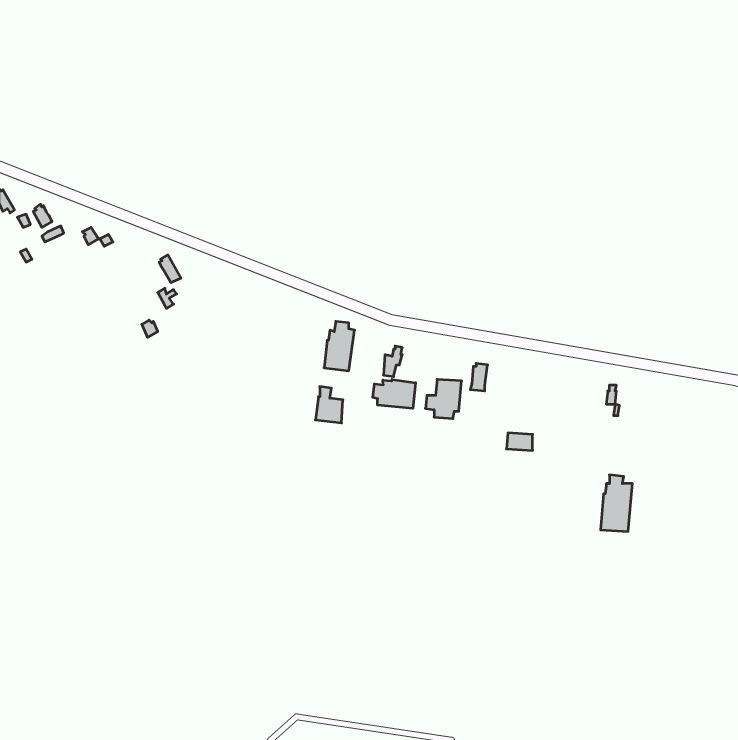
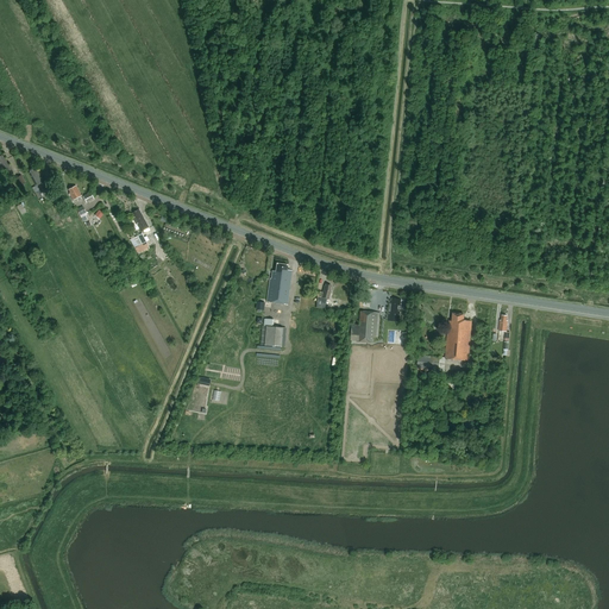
building: [373,379,416,408] -> none
building: [601,475,632,531] -> [445,314,471,360]

